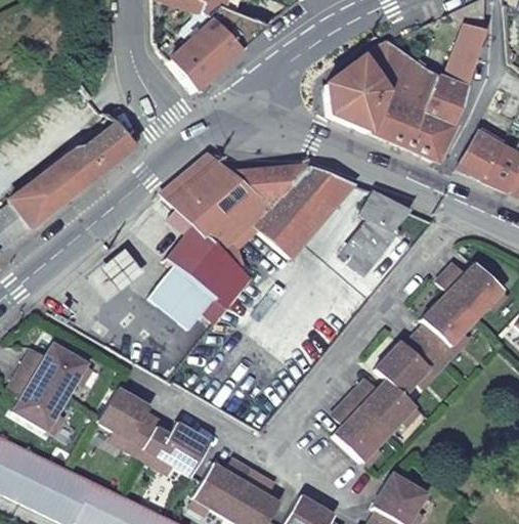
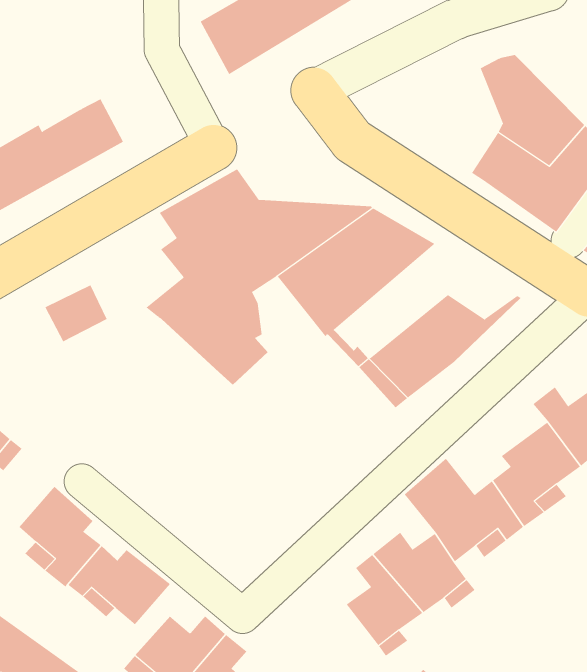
building: [329,58,385,130] -> none
building: [361,191,415,227] -> none
building: [154,264,218,325] -> none

